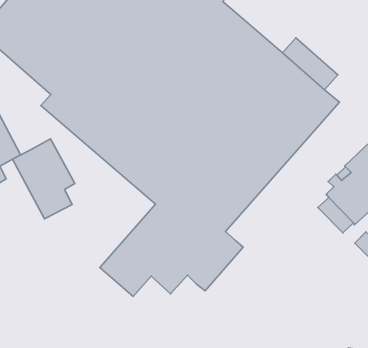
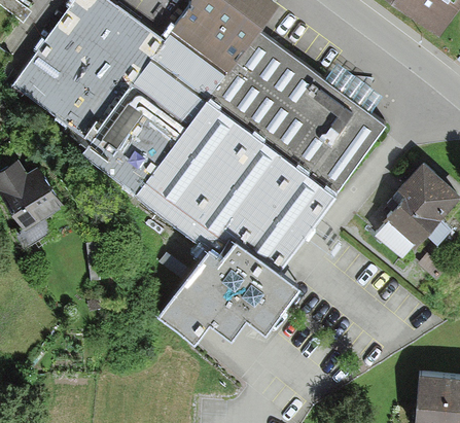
building: [12,139,75,219] -> none

